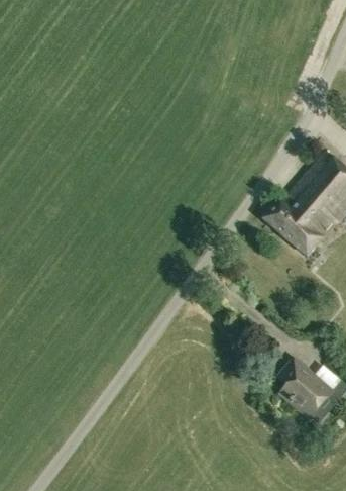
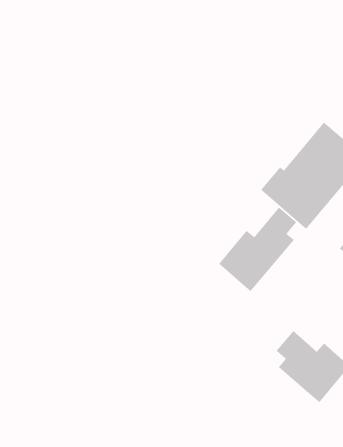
building: none -> [218,206,297,292]

